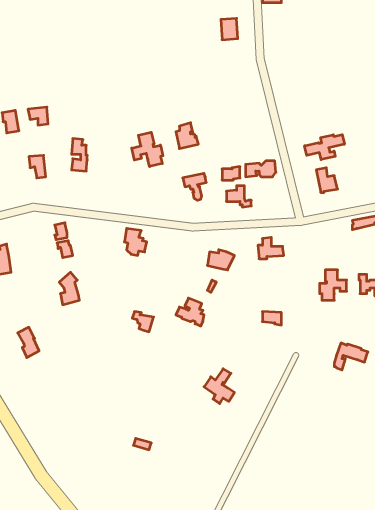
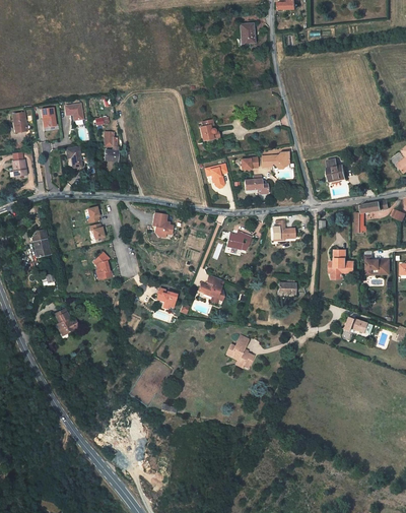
building: [132,132,163,167] -> none
building: [305,135,344,160] -> none

